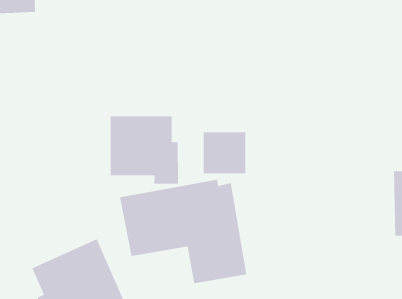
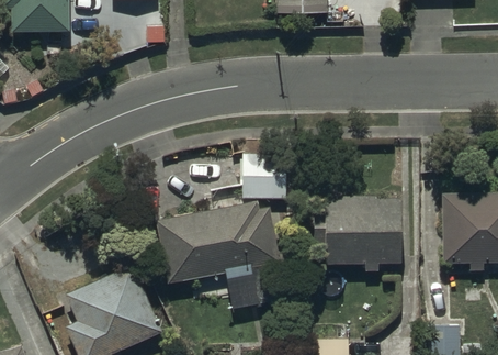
building: [110,115,179,185] -> none
building: none -> [313,196,400,271]

